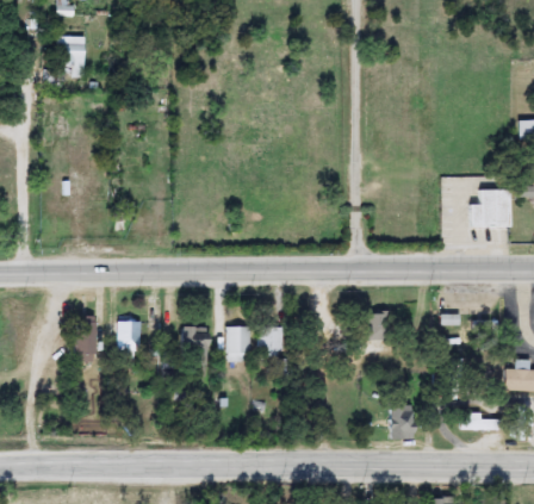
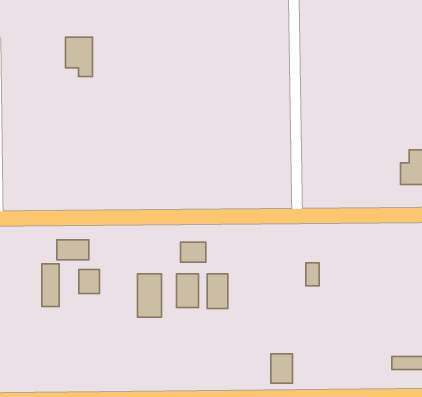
building: [56,35,86,77] -> [65,37,93,76]
building: none -> [57,240,89,260]
building: none -> [181,242,206,262]
building: [391,406,415,438] -> [271,354,292,383]

